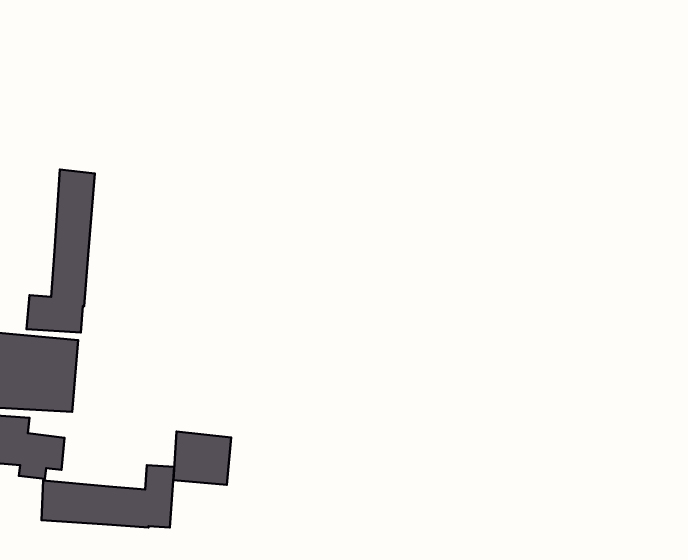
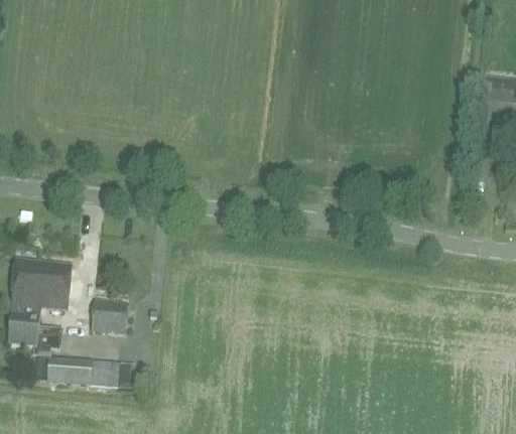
building: [26,169,95,333] -> none
building: [173,431,231,485] -> [90,297,128,332]

